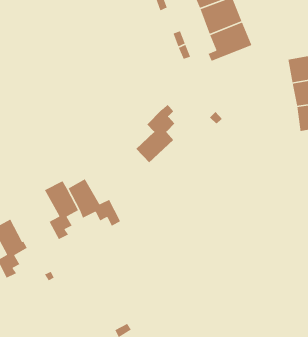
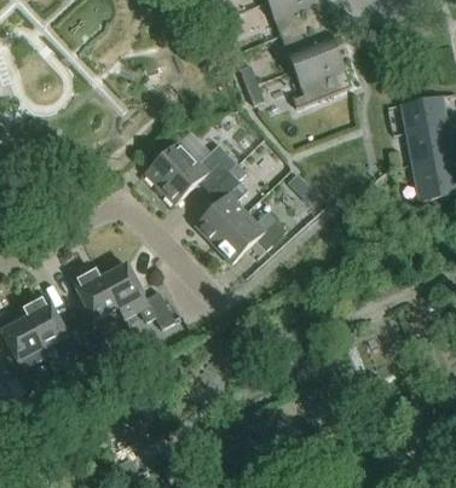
building: none -> [145,140,237,203]
building: none -> [212,209,285,261]
building: none -> [19,292,90,353]

